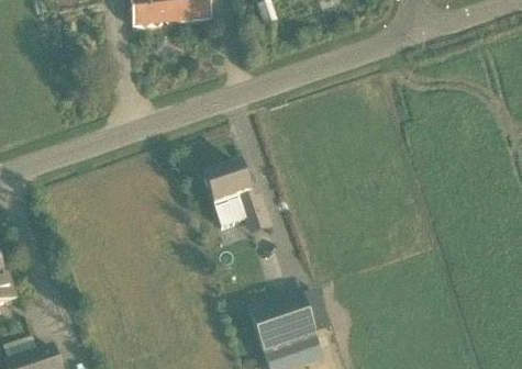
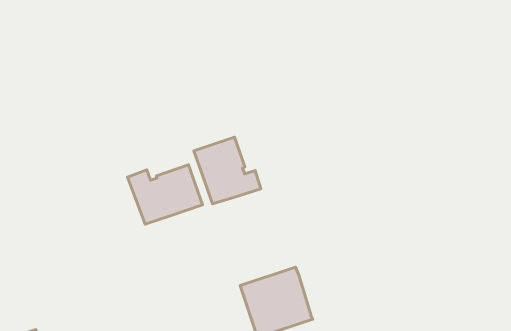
building: none -> [127,165,202,224]

